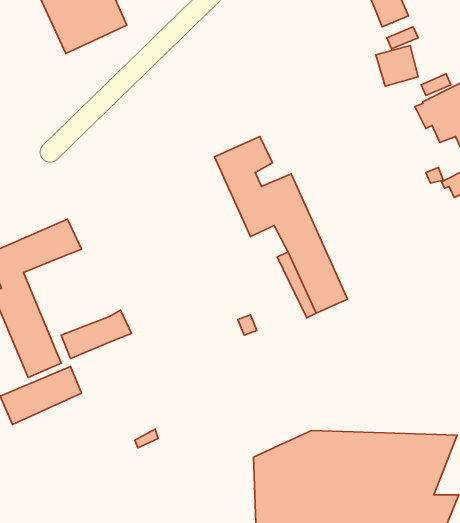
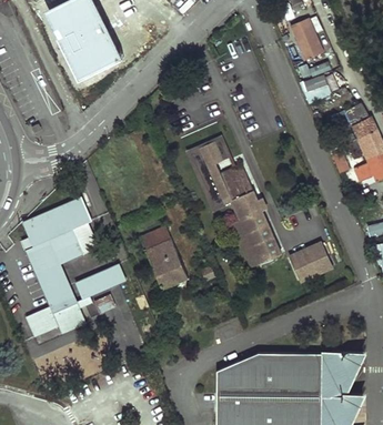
building: none -> [50,225,84,262]
building: none -> [140,226,187,289]
building: none -> [290,243,330,280]

